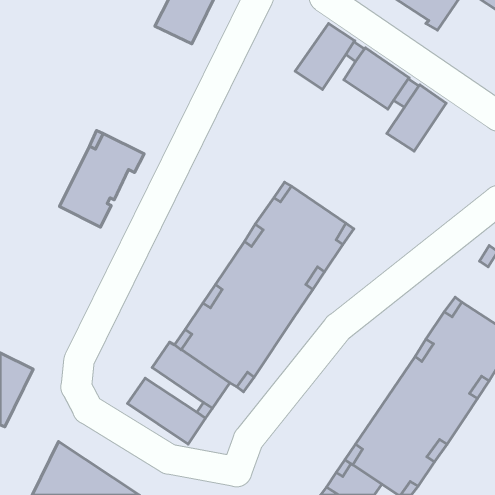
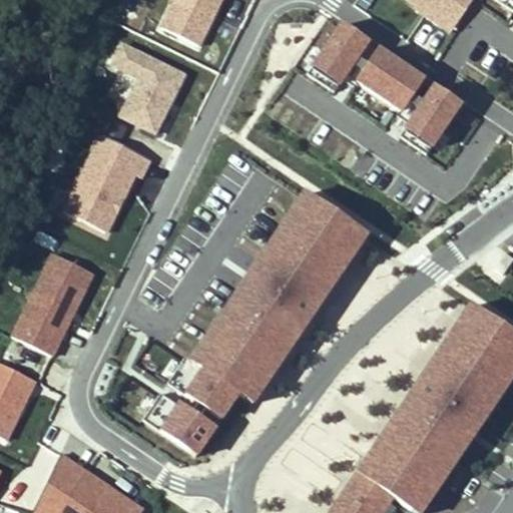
building: none -> [107,37,187,132]
building: none -> [13,251,95,356]

